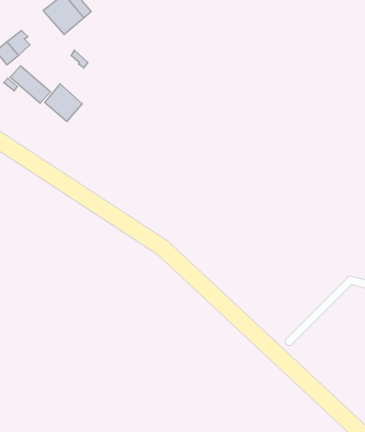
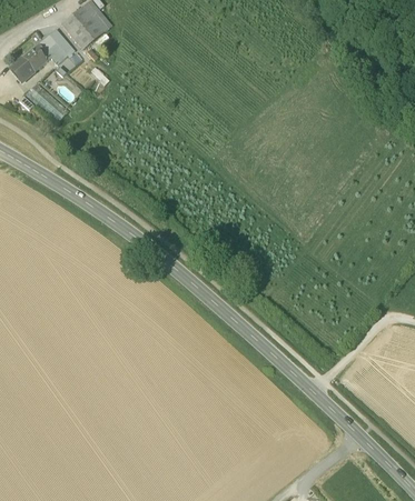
building: none -> [38,31,73,66]
building: [45,84,82,122] -> none

